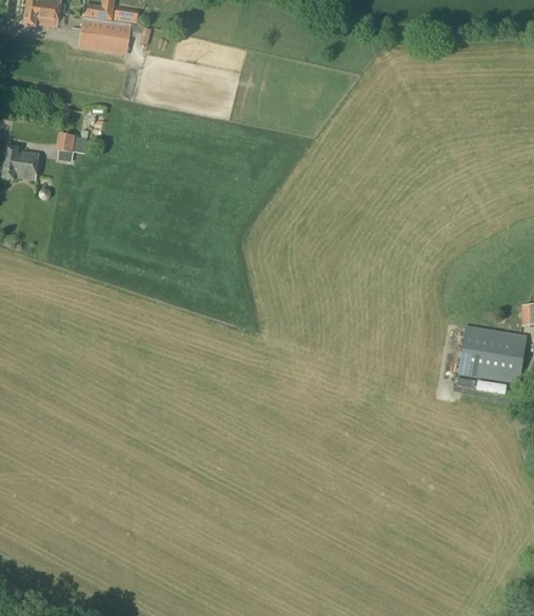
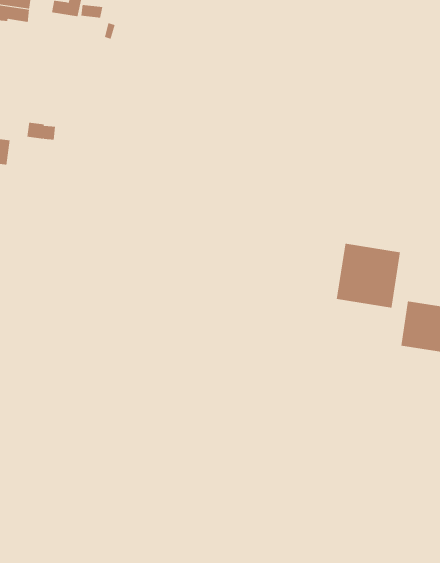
building: [78,19,131,55] -> none
building: none -> [336,243,401,308]

